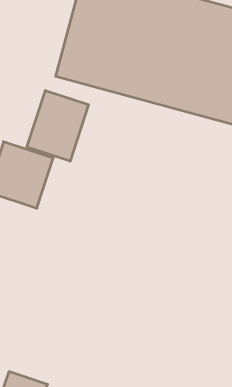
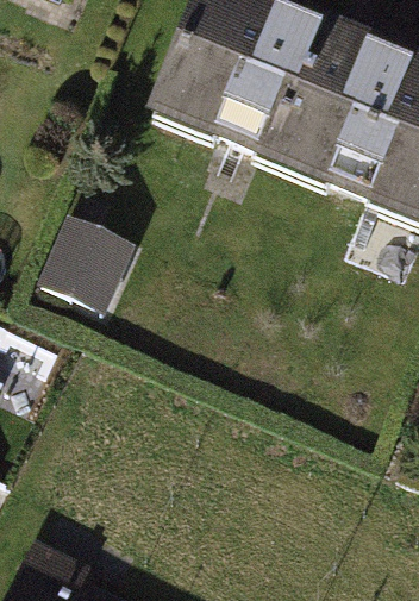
building: [27,90,89,161] -> none

